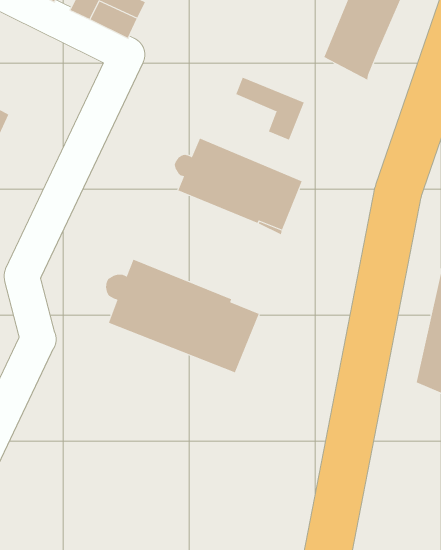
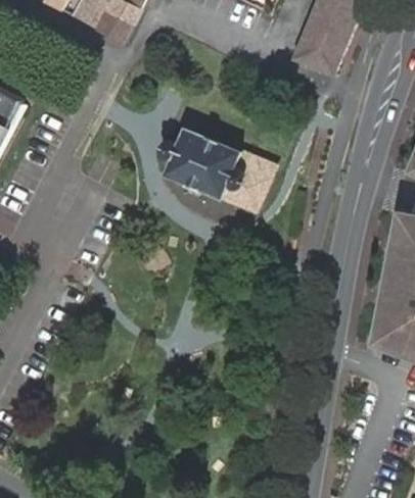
building: [236,77,305,141] -> none
building: [105,259,259,373] -> none

